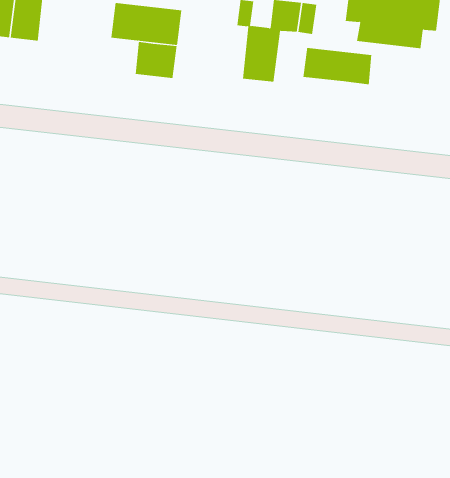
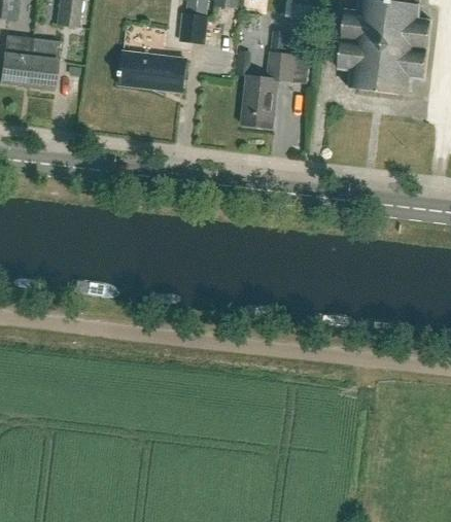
building: [135,41,177,79] -> none
building: [303,47,372,85] -> none

